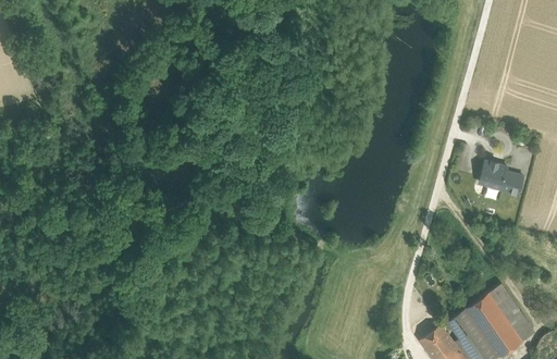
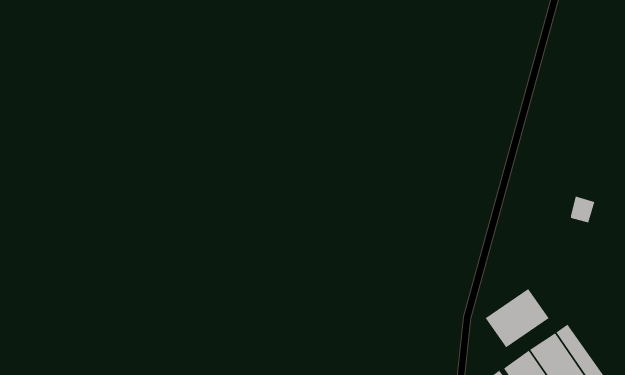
building: [481,163,509,191] -> none
building: none -> [485,288,549,348]

